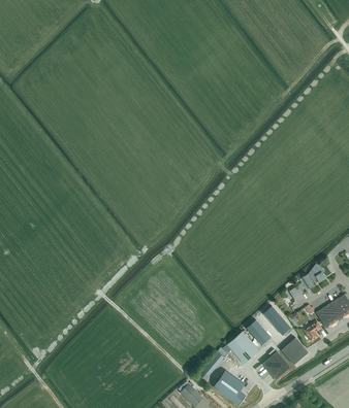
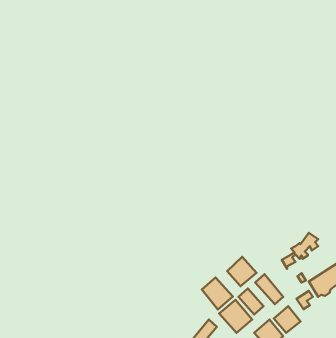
building: none -> [227,257,256,286]
building: none -> [202,277,233,309]

